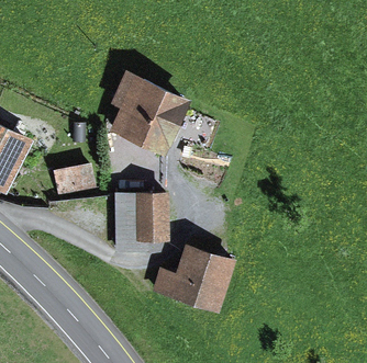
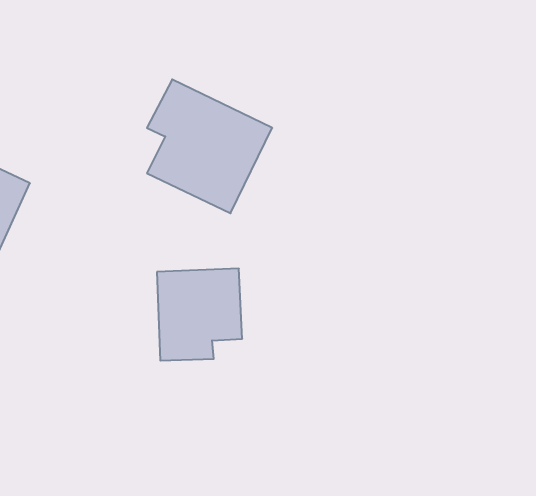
building: [49,163,94,198] -> none
building: [152,246,235,315] -> none

